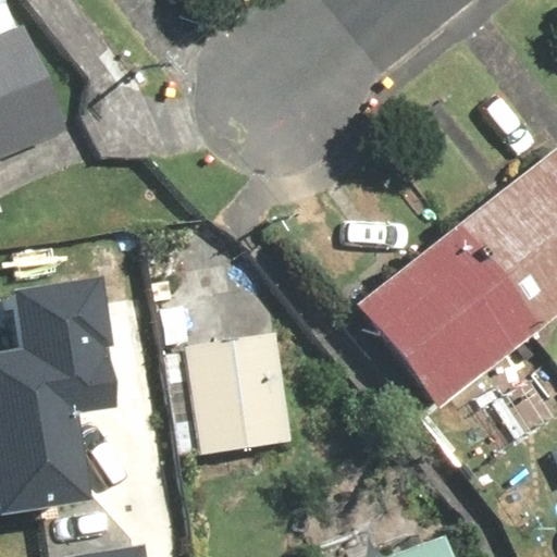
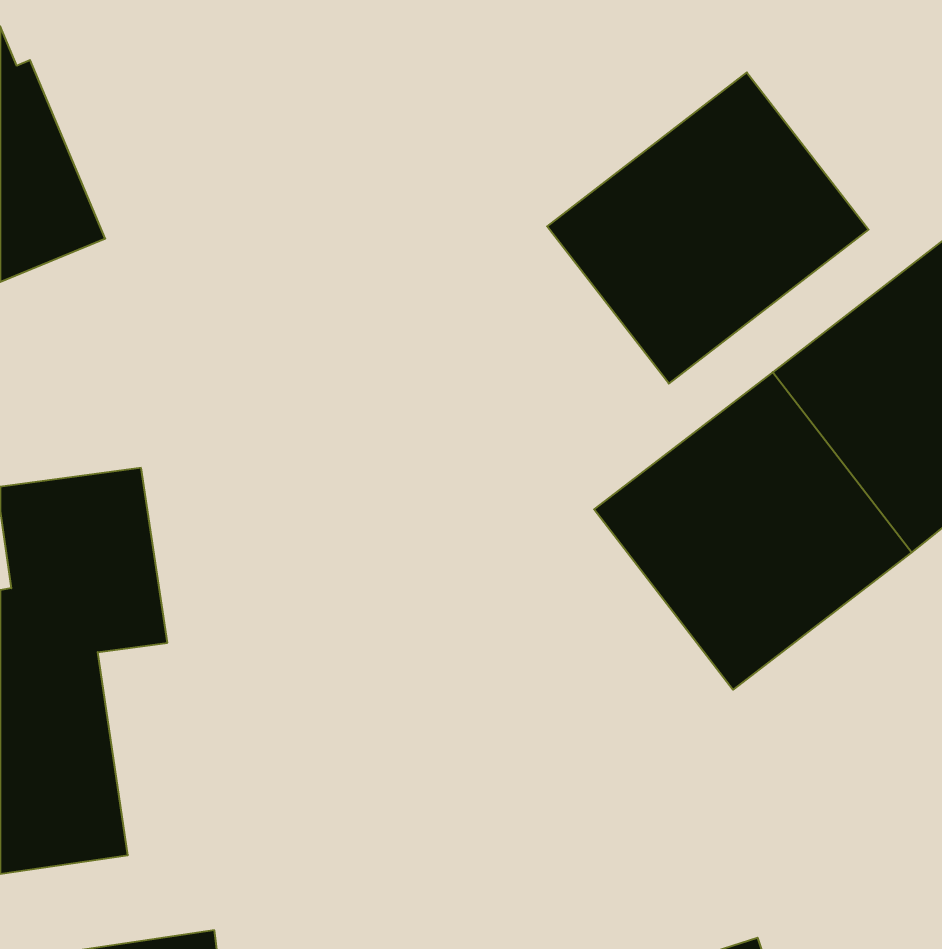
building: none -> [547,72,869,384]
building: [189,345,296,468] -> none

